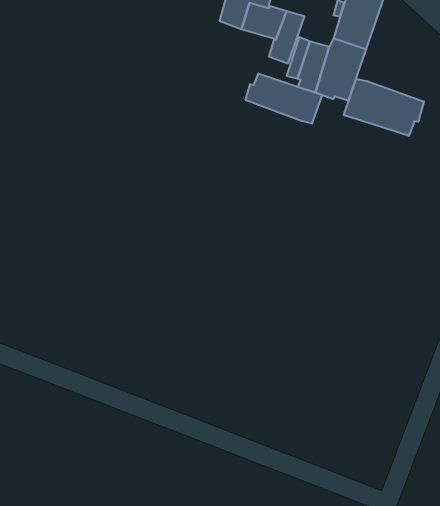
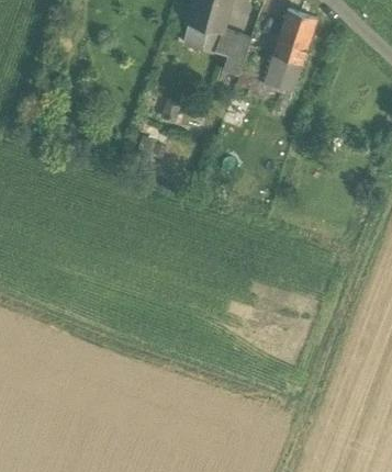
building: [246,73,322,124] -> none
building: [344,79,424,136] -> none

